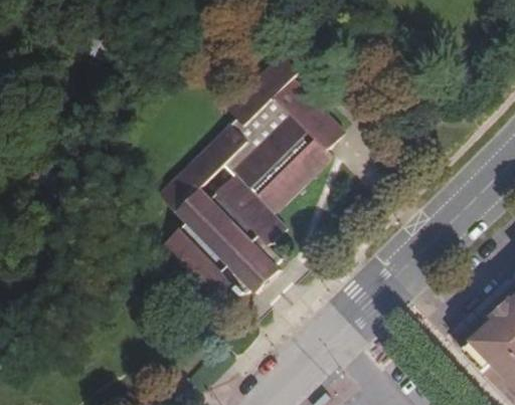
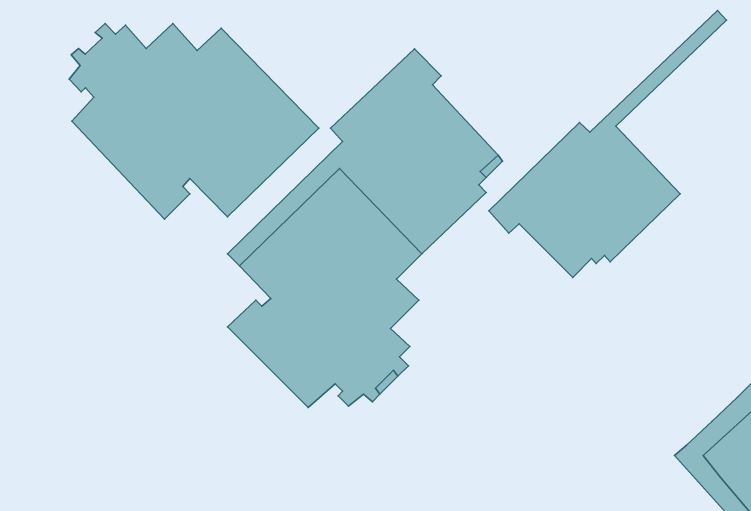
building: none -> [489,10,727,277]
building: none -> [69,23,319,219]

